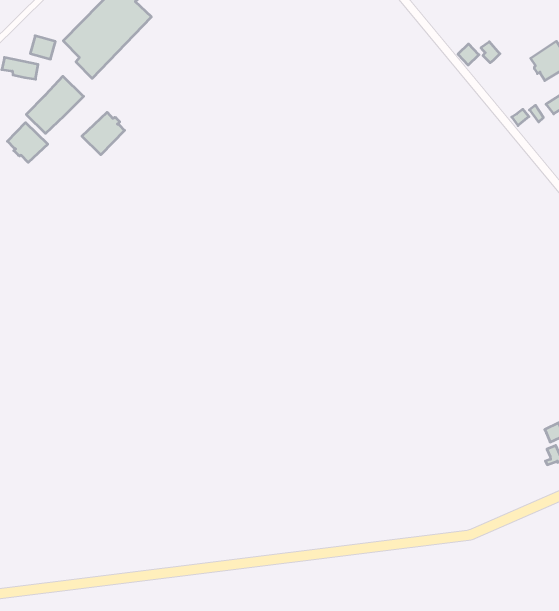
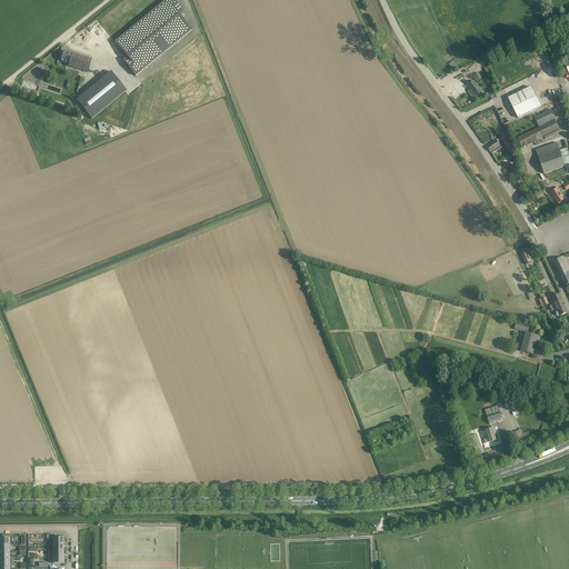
building: [82,112,125,155] -> none
building: [7,123,48,162] -> none

